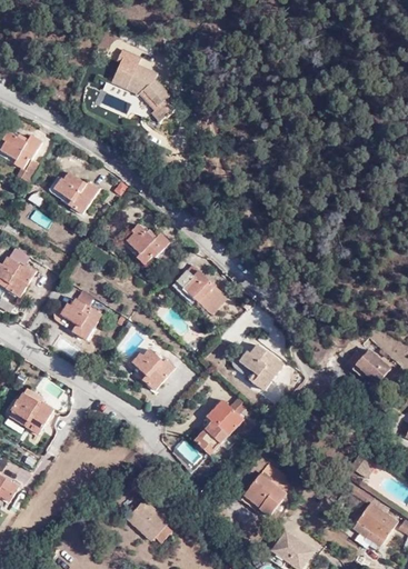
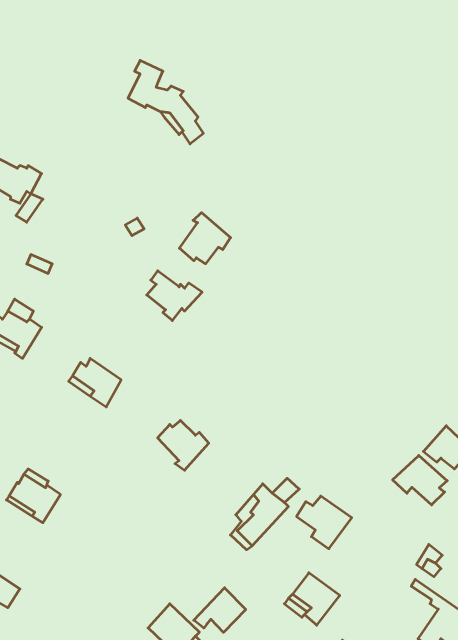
building: [52,172,98,212] -> none
building: none -> [179,213,231,264]
building: [181,268,225,320] -> none
building: [240,343,286,387] -> [297,496,352,549]
building: none -> [393,455,447,505]
building: none -> [194,588,246,632]

